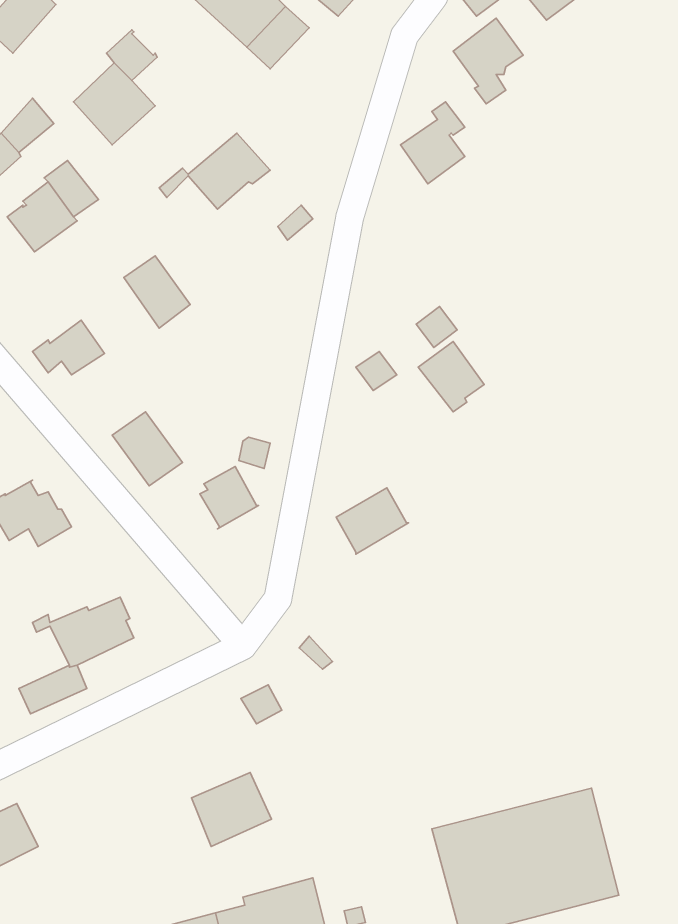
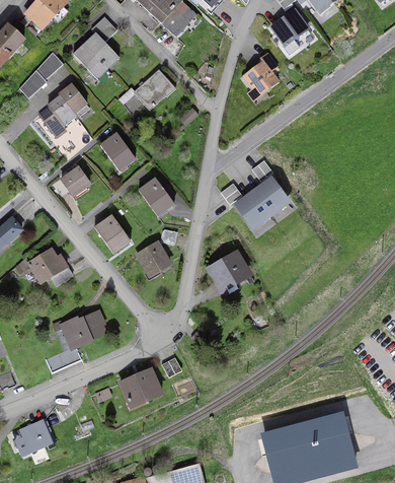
building: none -> [138,178,176,217]
building: none -> [236,192,271,226]
building: [192,773,271,847] -> [121,369,162,408]

